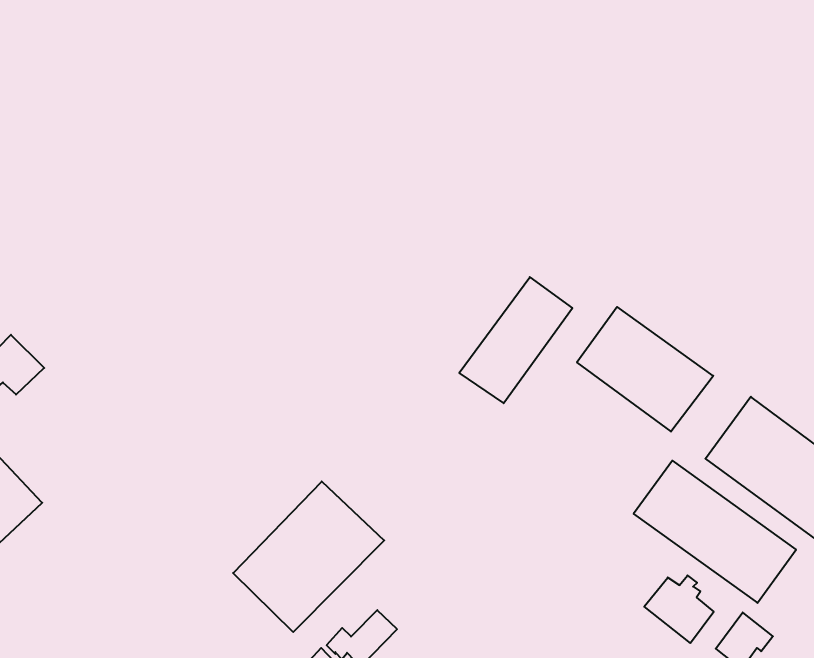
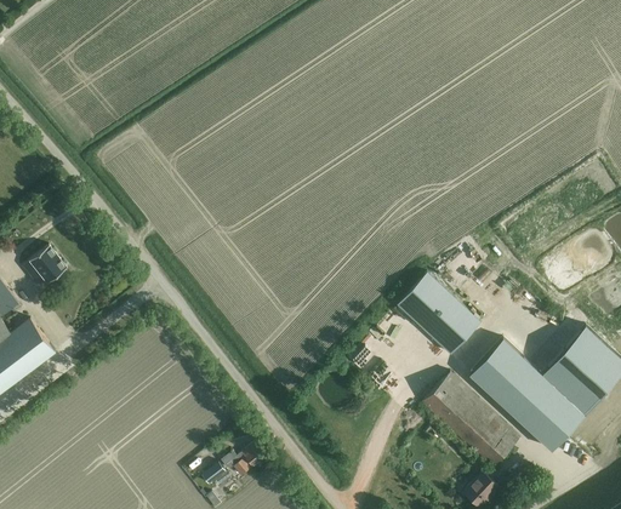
building: [459,277,572,403] -> none
building: [233,481,384,632] -> none
building: [644,575,714,643] -> none

